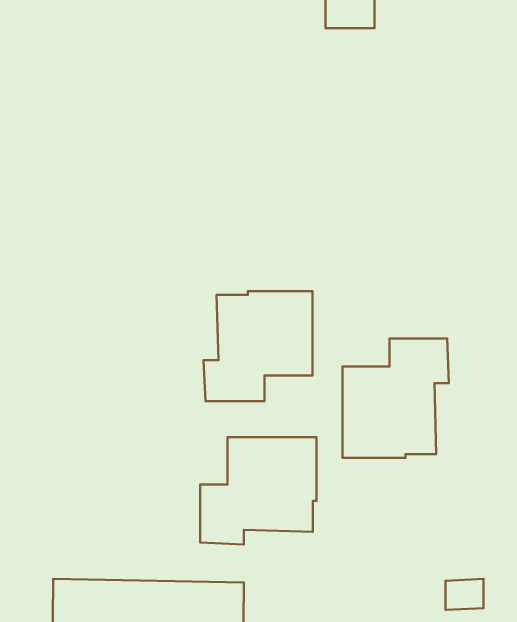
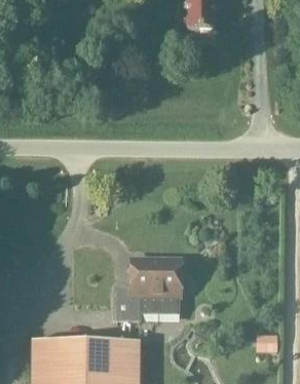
building: [204,291,313,401] -> none
building: [343,339,449,458] -> none

